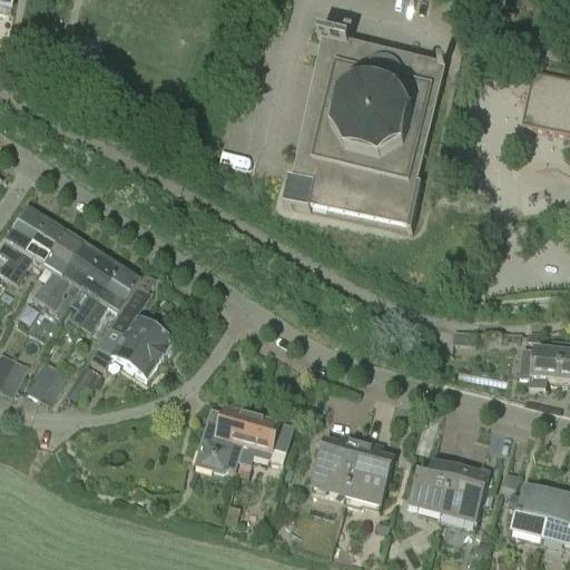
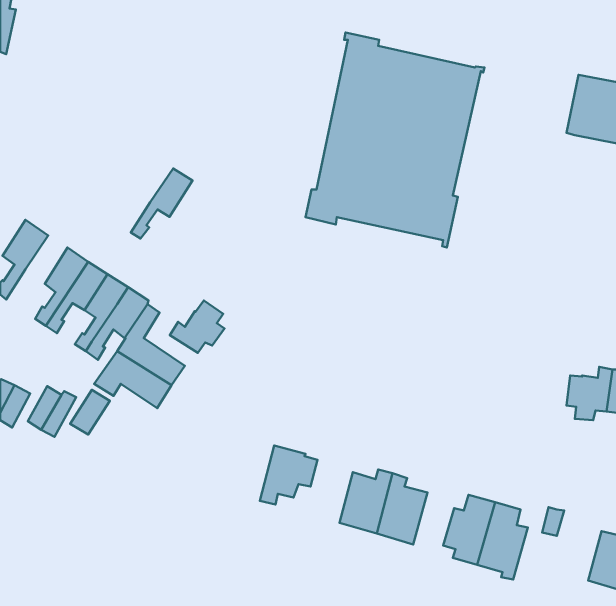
building: [7,217,63,282] -> [131,168,192,238]
building: none -> [170,300,225,353]
building: [198,403,254,473] -> none
building: [513,482,556,535] -> none

